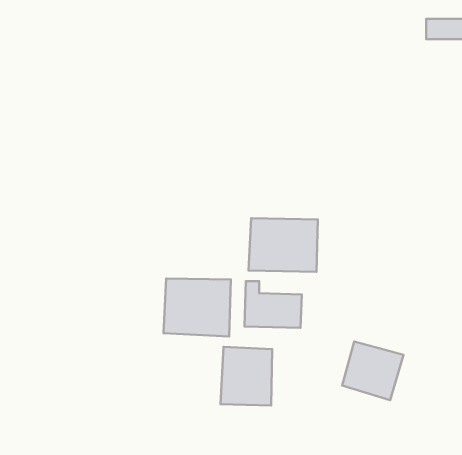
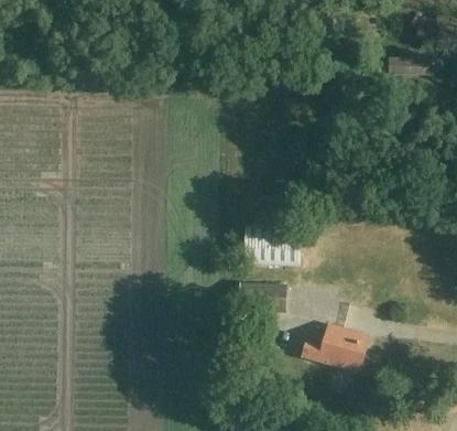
building: [164,278,231,337] -> none
building: [221,347,272,406] -> none

